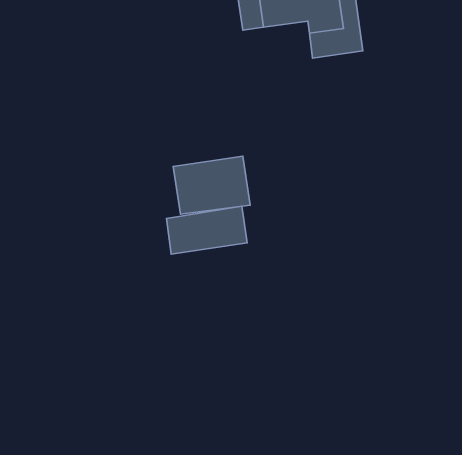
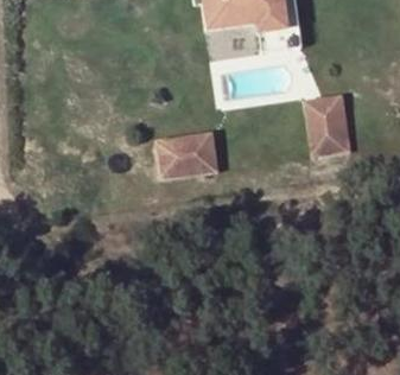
building: none -> [300,93,347,153]
building: [166,206,247,254] -> none

